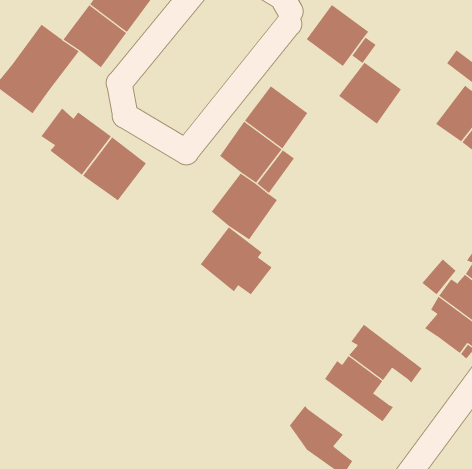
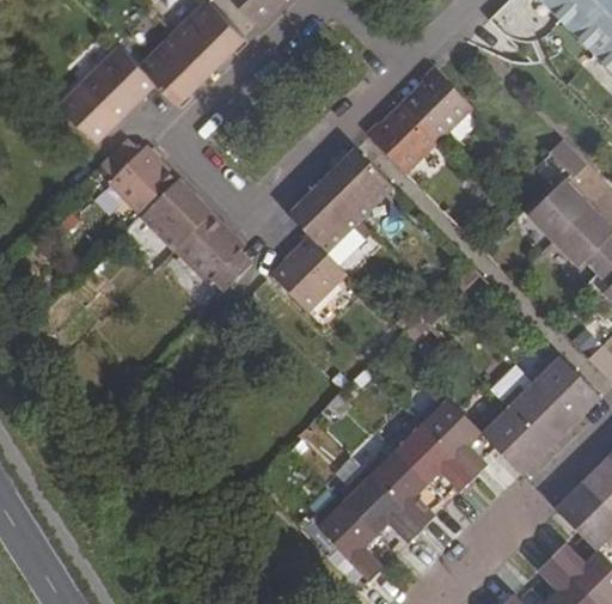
building: [338,62,402,124] -> [369,104,439,173]
building: [200,226,272,295] -> [175,212,252,289]
building: none -> [418,399,488,477]
building: none -> [345,472,423,542]

